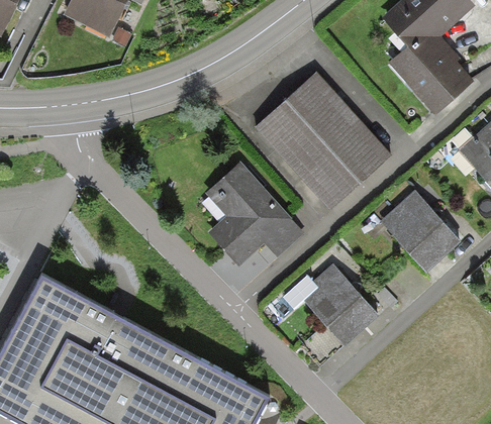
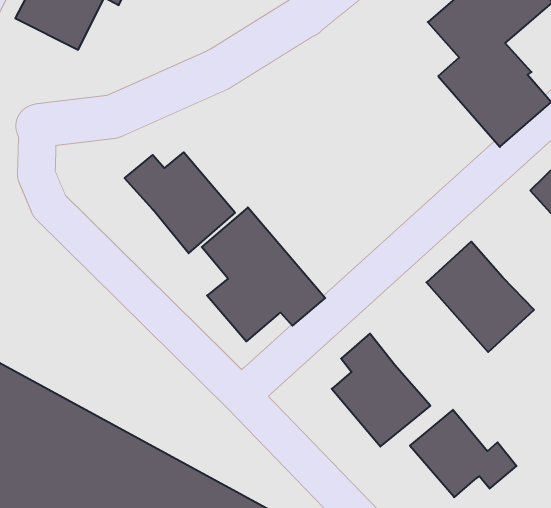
building: [255,71,393,211] -> none
building: none -> [125,152,235,253]
building: none -> [410,410,517,497]

